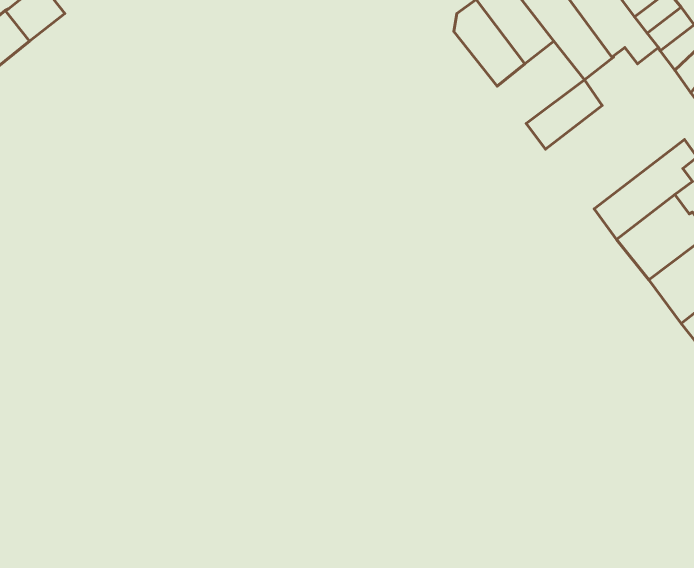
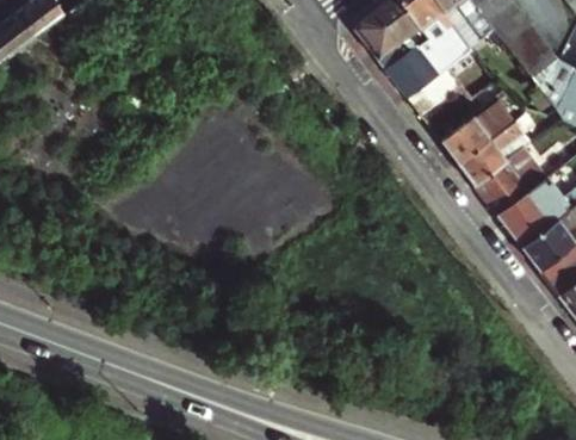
building: none -> [385,36,450,97]
building: none -> [440,91,524,160]

